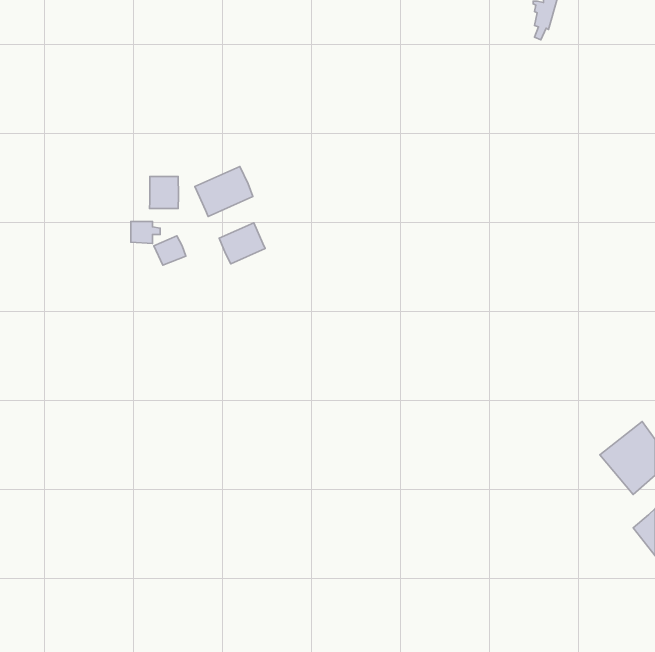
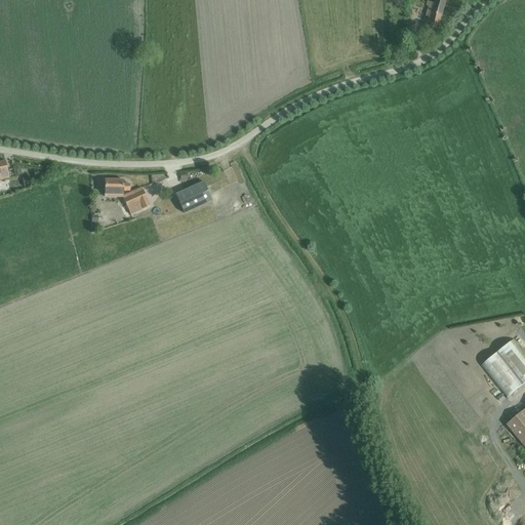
building: [195,166,253,216] -> none
building: [150,177,179,208] -> none

